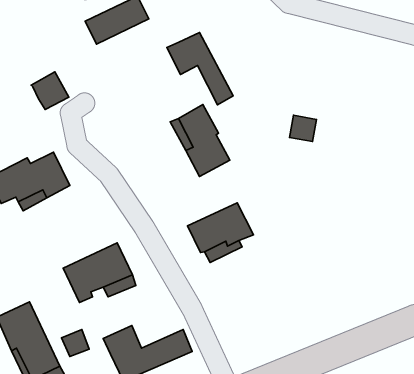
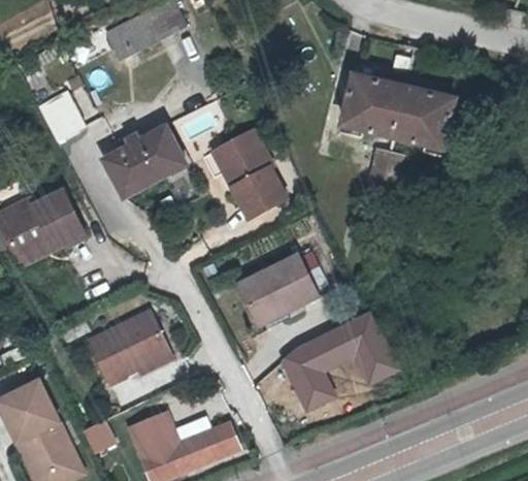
building: [167,32,233,105] -> none
building: none -> [346,72,456,149]
building: none -> [107,126,189,194]
building: none -> [277,310,398,409]

